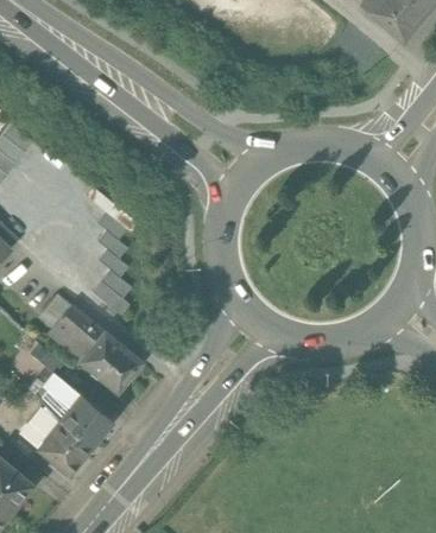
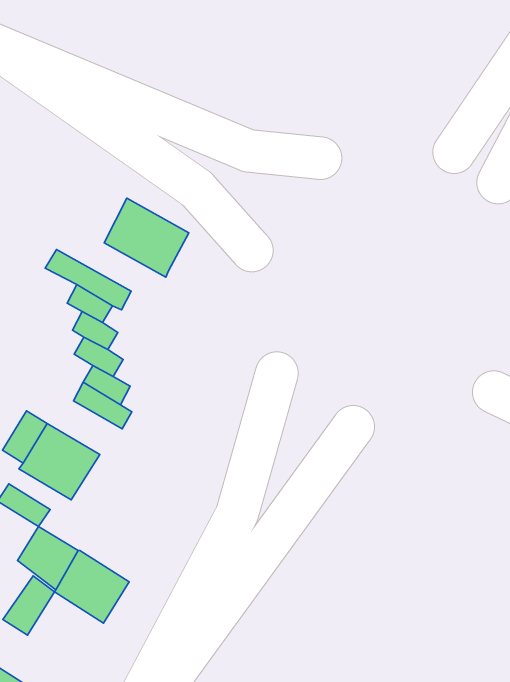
building: none -> [104,198,189,277]
building: [80,330,139,388] -> none
building: [37,420,90,474] -> none

